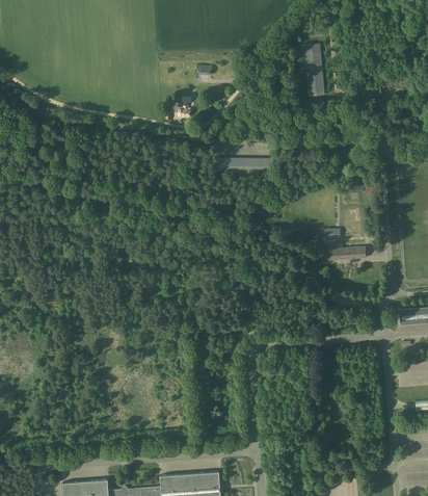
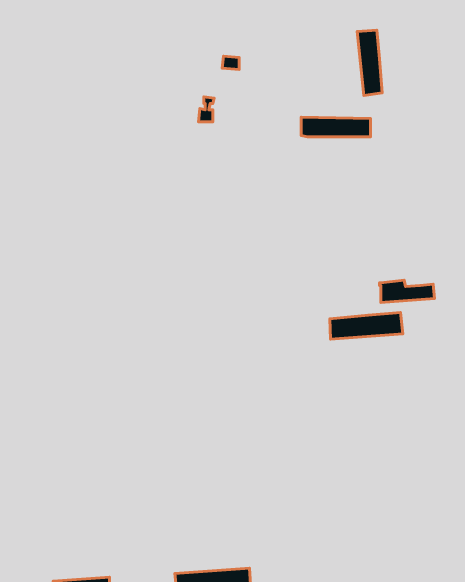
building: [216,157,271,173] -> [301,117,371,137]
building: none -> [330,313,403,339]

